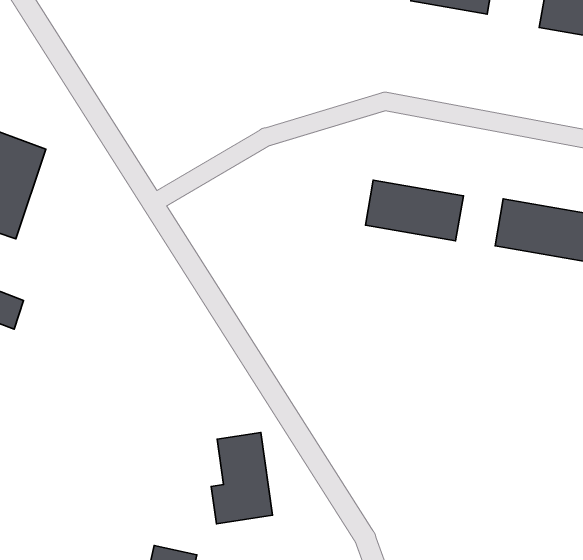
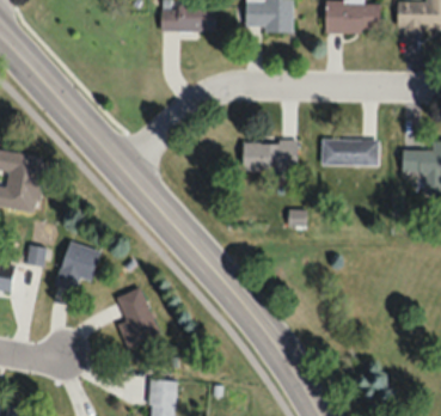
building: none -> [56,241,100,292]
building: [211,432,273,524] -> [117,288,158,347]

